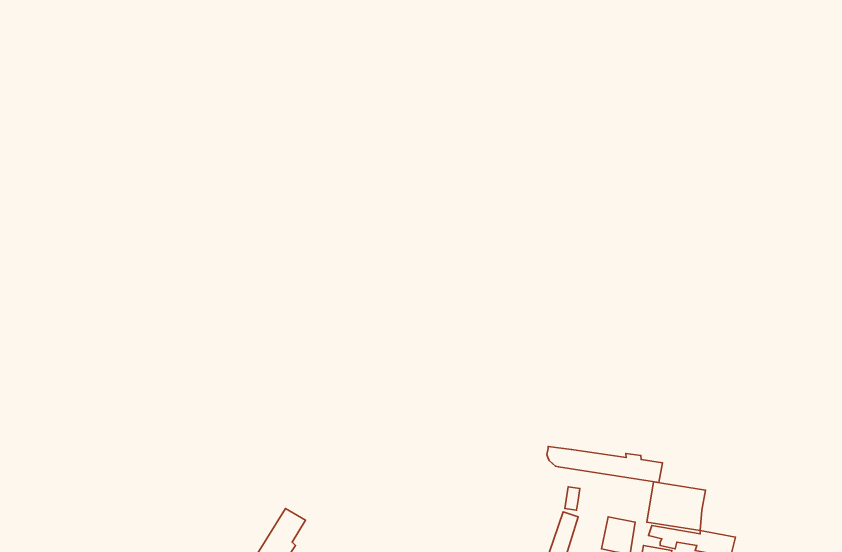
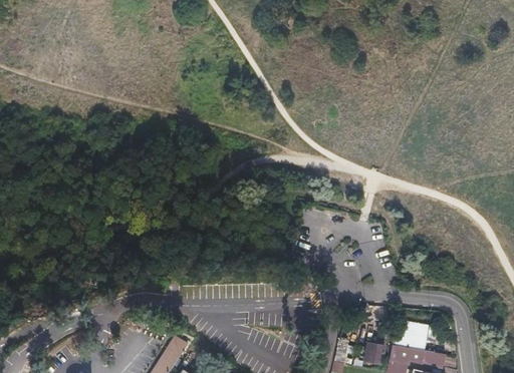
building: [547,446,663,483] -> none

